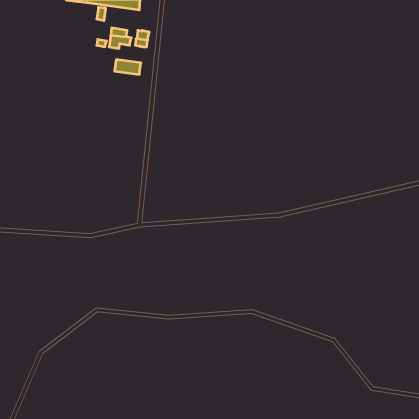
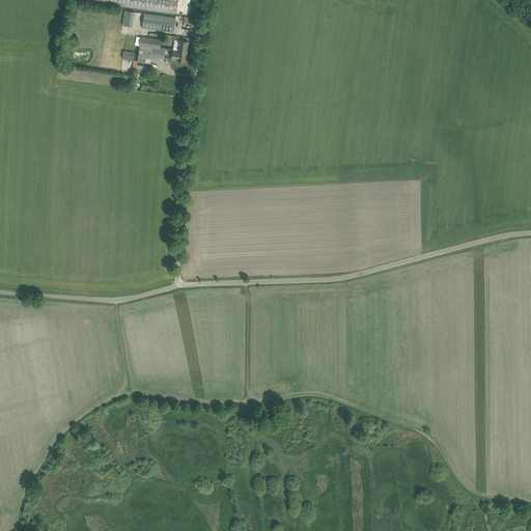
building: [115,60,141,74] -> [142,12,175,31]

